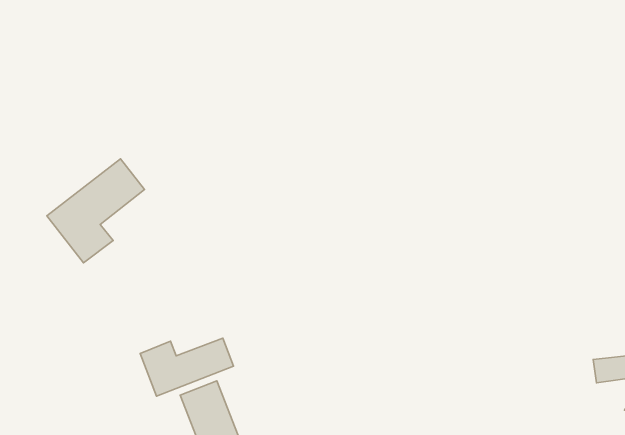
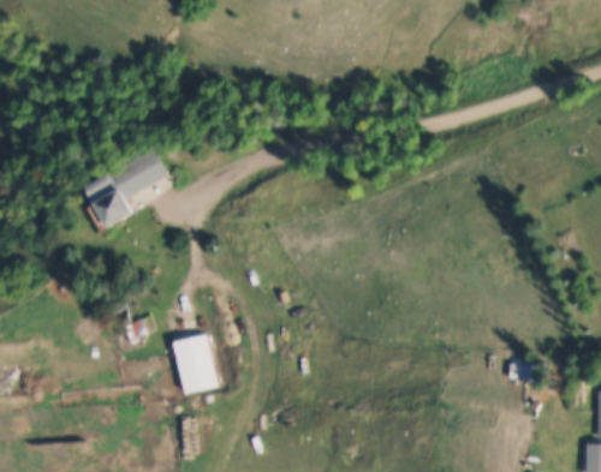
building: [140,338,234,396] -> none

